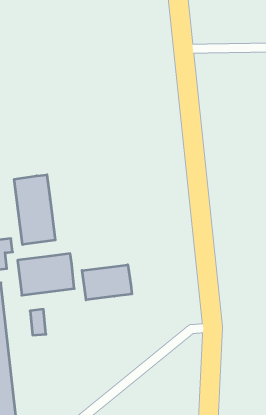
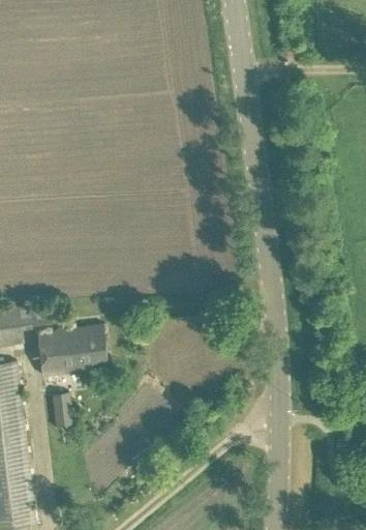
building: [14,175,55,245] -> none
building: [82,265,132,300] -> none

